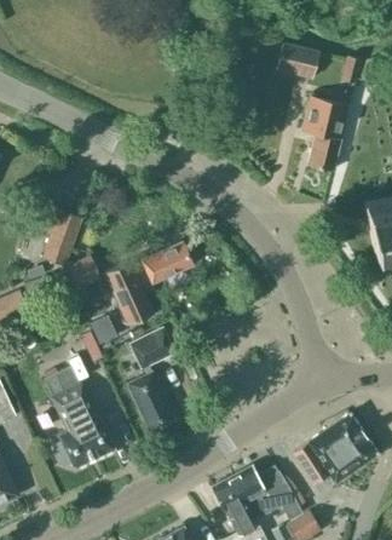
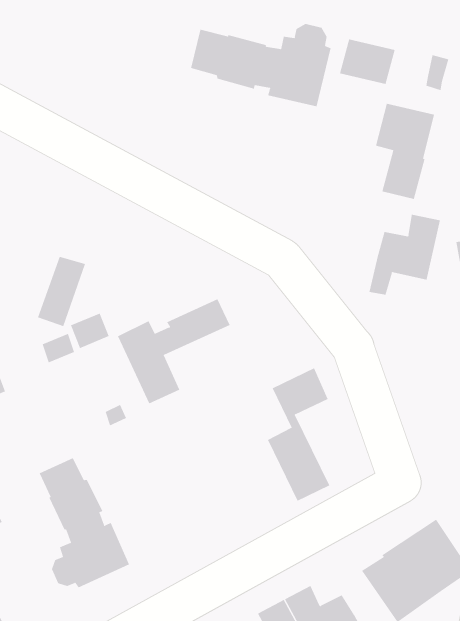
building: none -> [191,23,331,107]
building: none -> [369,214,440,296]
building: [126,329,174,432] -> [267,368,330,501]

